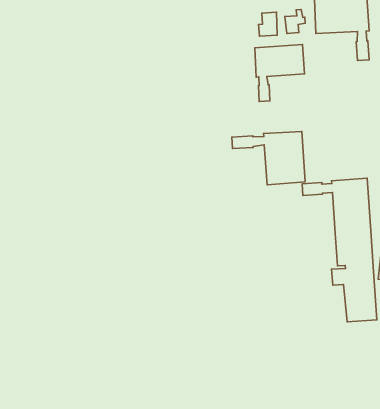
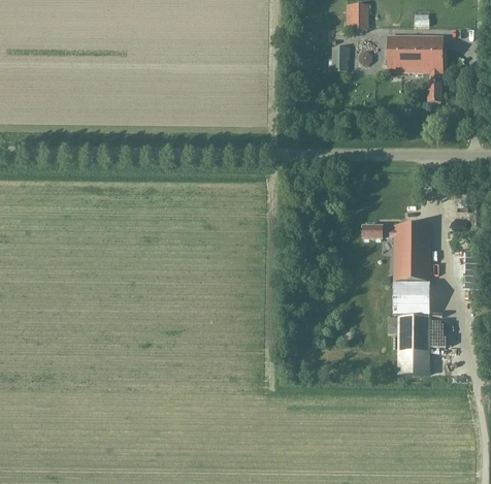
building: [255,44,305,101] -> none
building: [232,132,305,185] -> none

